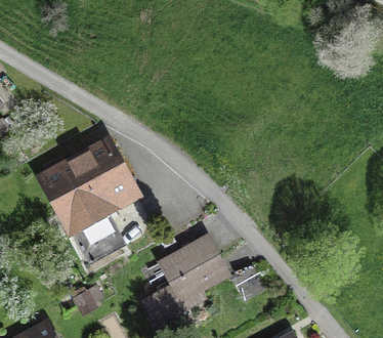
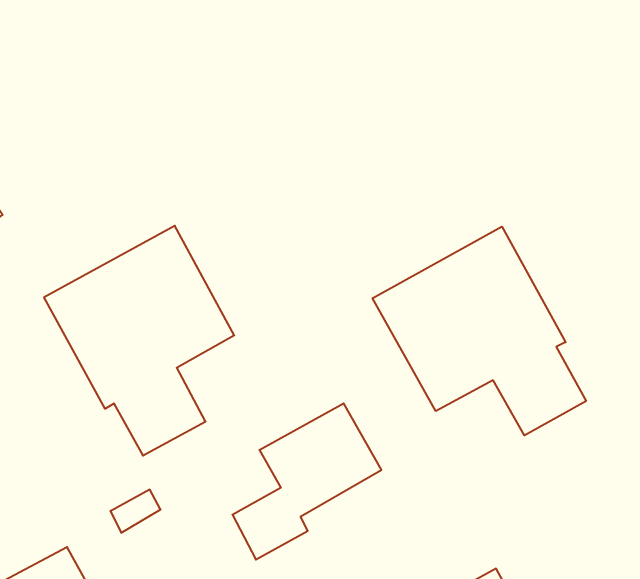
building: none -> [373,227,586,435]

